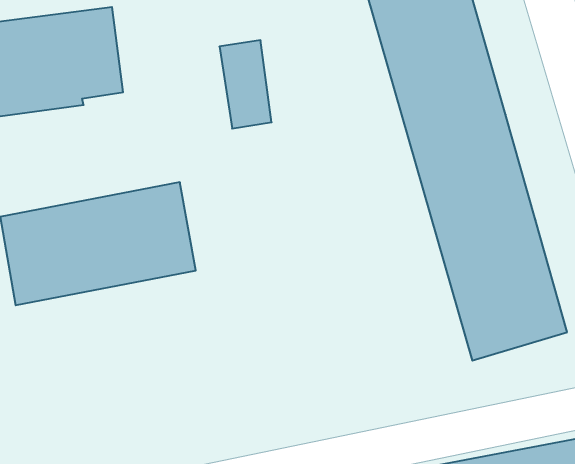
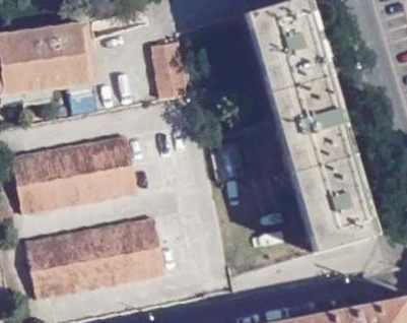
building: none -> [25,219,164,301]

